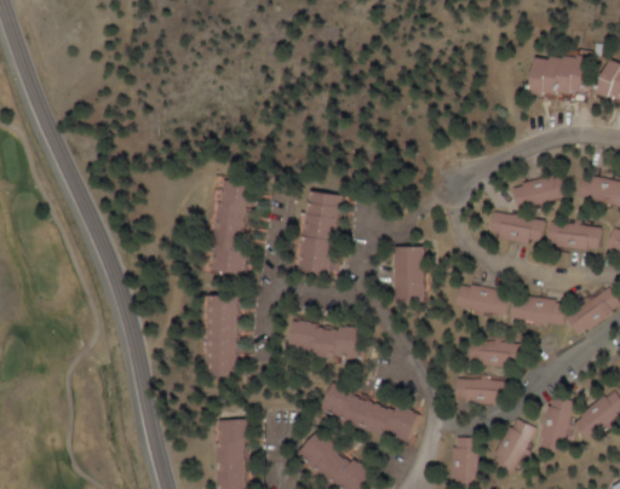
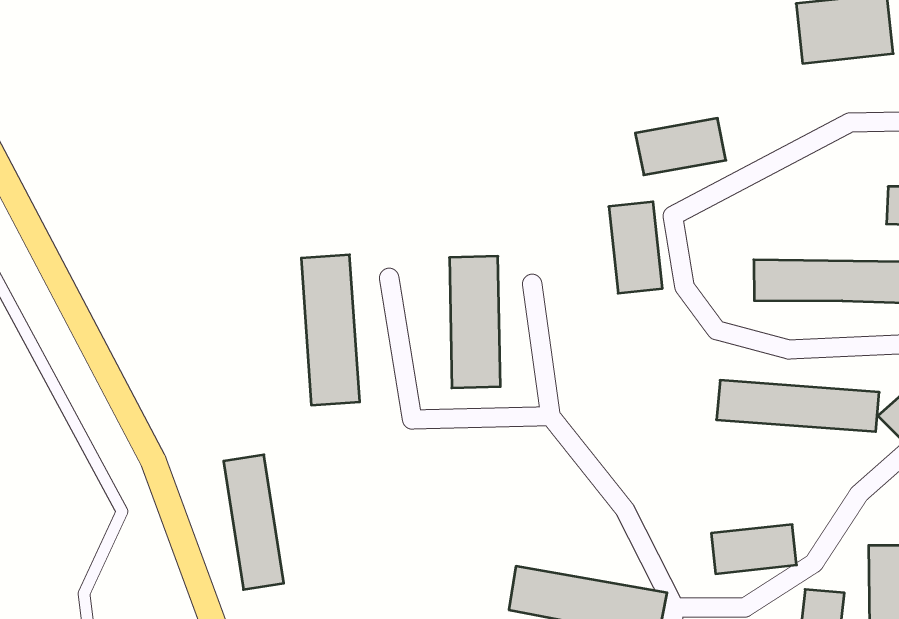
building: [516,178,570,208] -> [635,118,726,175]
building: [398,247,426,301] -> [609,202,662,293]
building: [211,295,240,378] -> [224,455,284,590]
building: [293,324,361,357] -> none
building: [471,343,516,368] -> none

